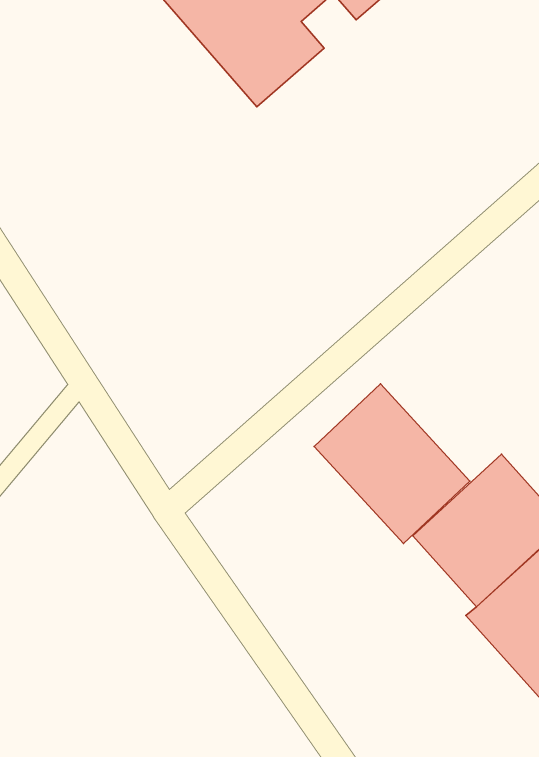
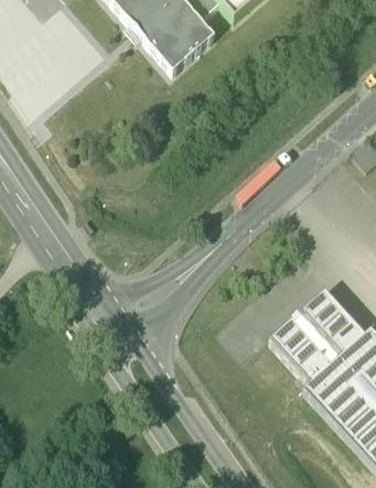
building: [314,384,470,544] -> none

